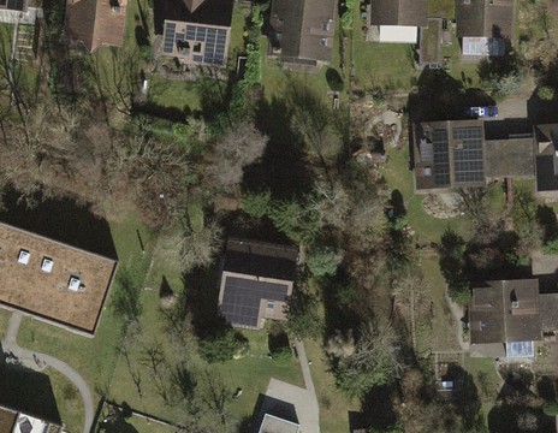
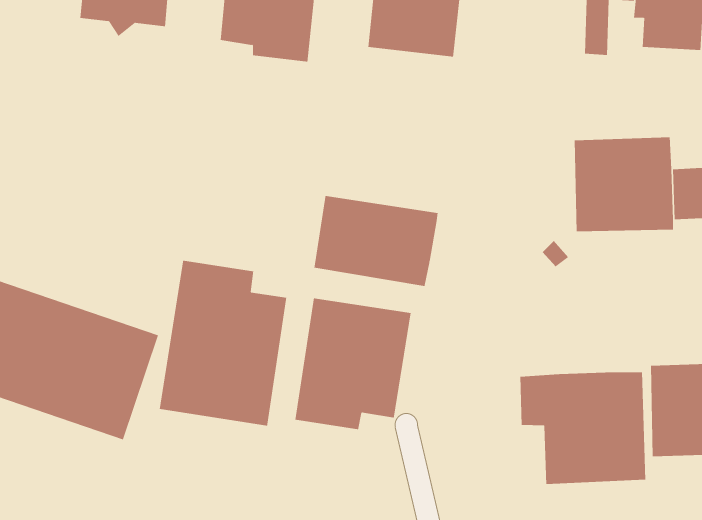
building: none -> [314,195,438,287]
building: none -> [159,260,287,426]
building: none -> [520,372,646,485]

